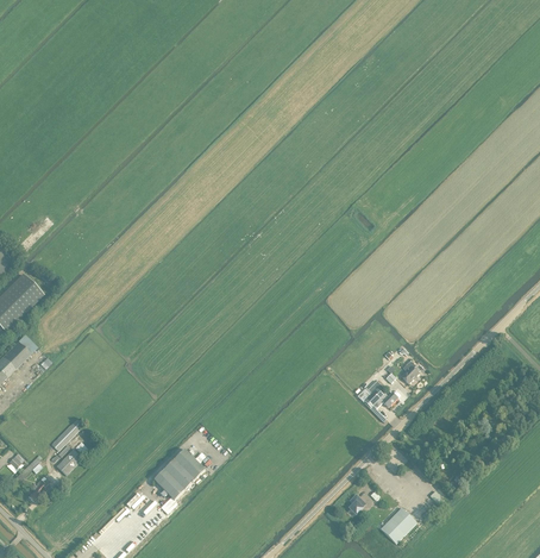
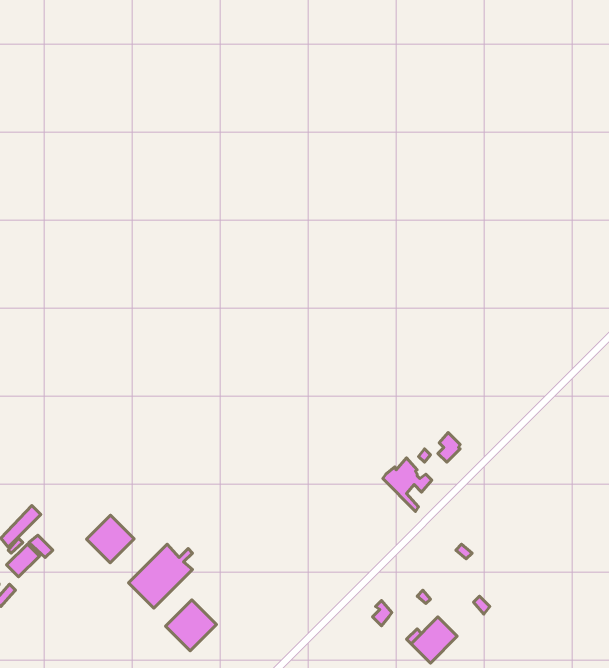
building: none -> [87,515,134,563]
building: none -> [165,600,216,651]

